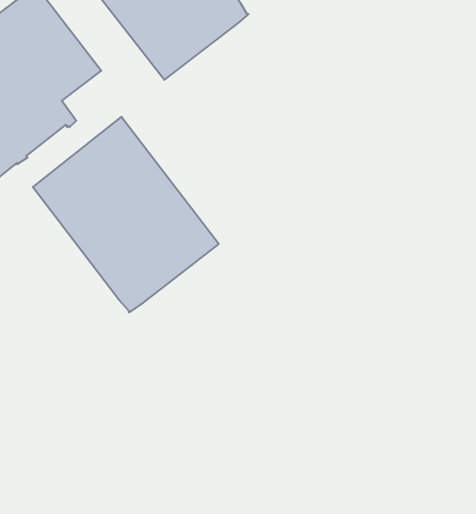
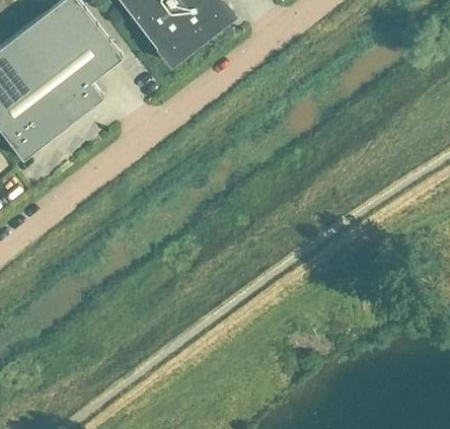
building: [33,117,219,312] -> none

